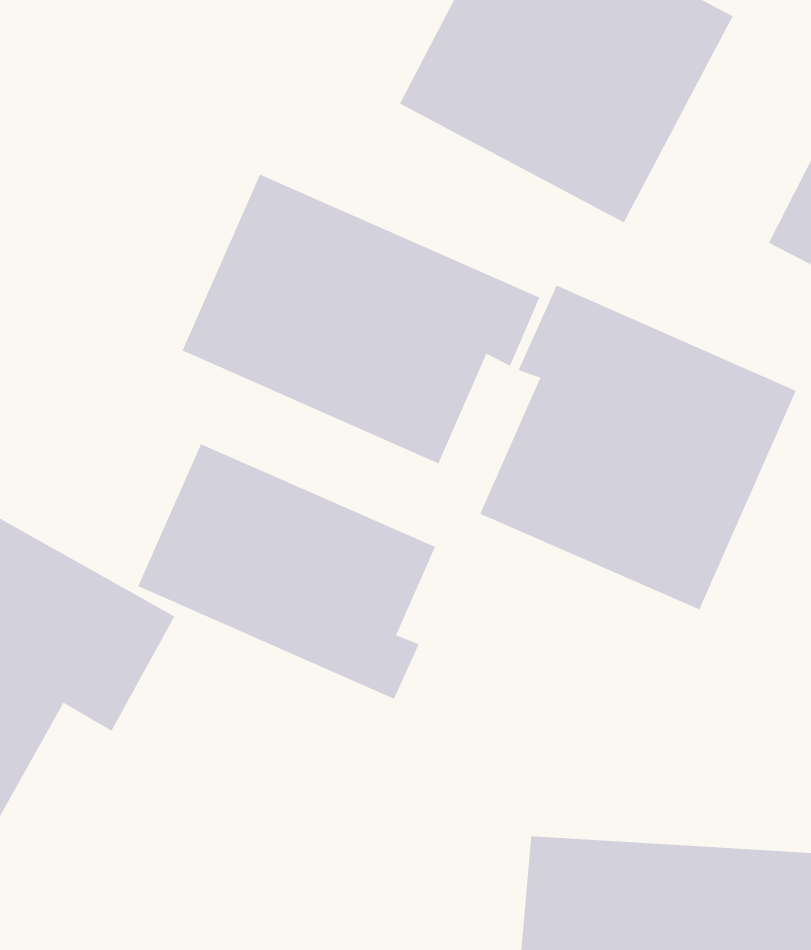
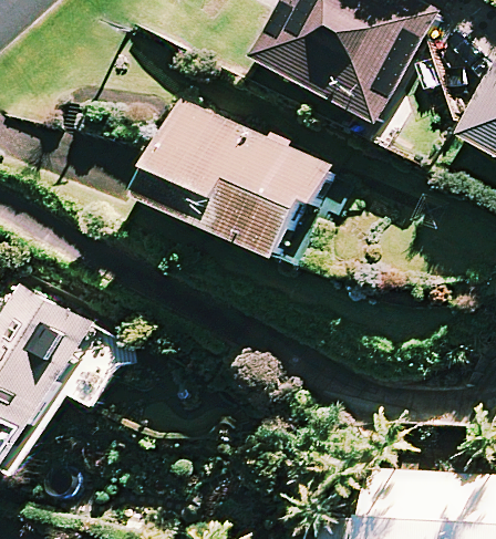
building: [479,284,797,611] -> none
building: [137,443,436,700] -> none

